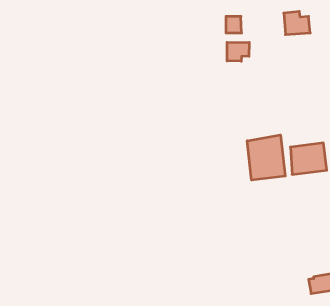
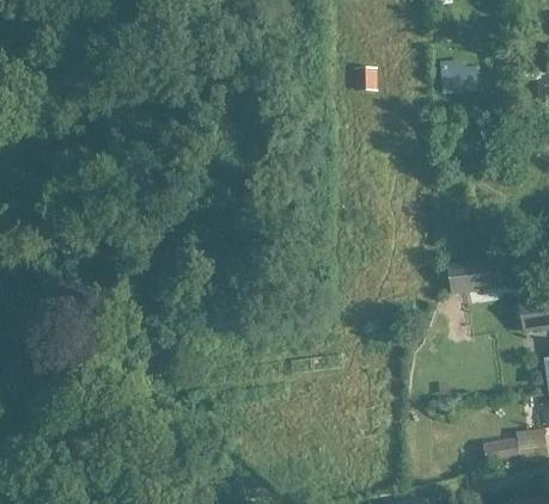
building: [227,42,249,61] -> none
building: [247,135,285,180] -> none

